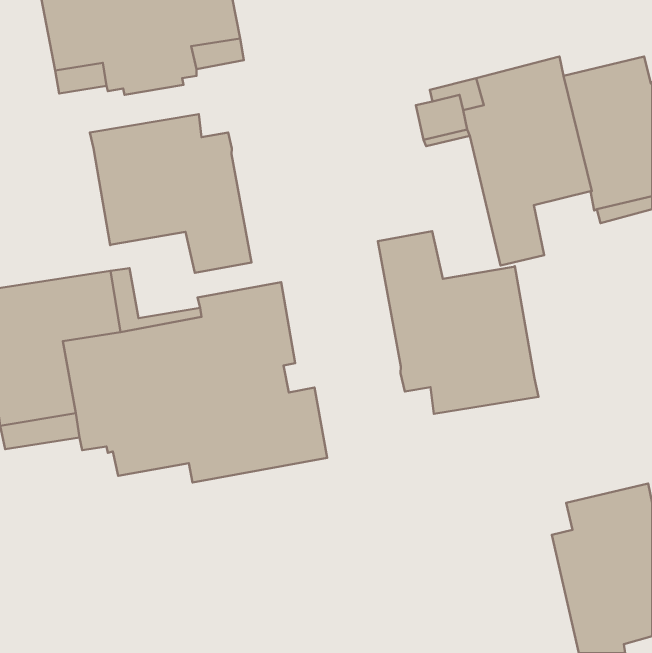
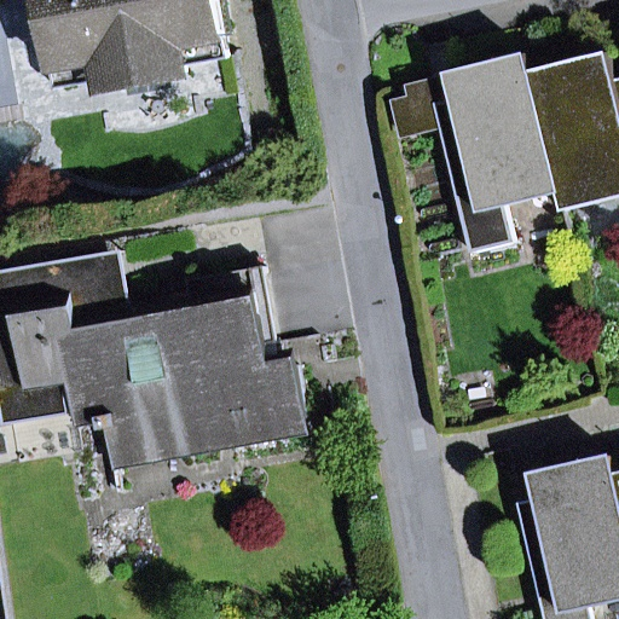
building: [90,114,251,273] -> none
building: [378,231,539,414] -> none

